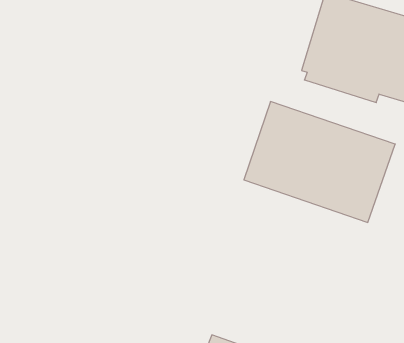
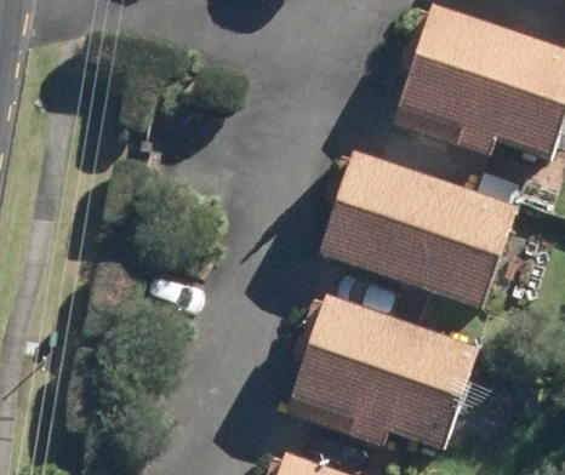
building: none -> [292,294,478,447]

